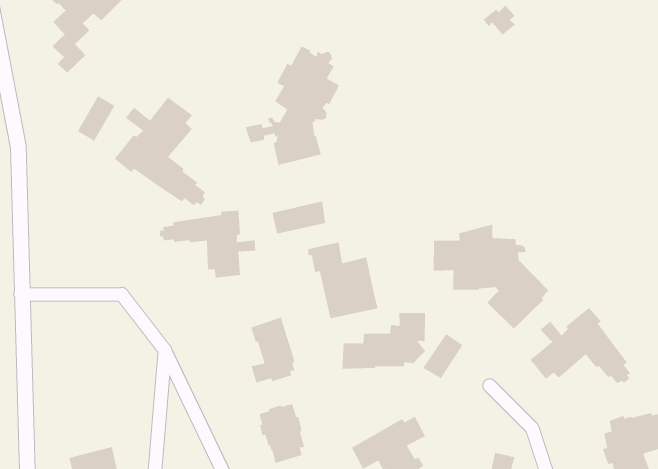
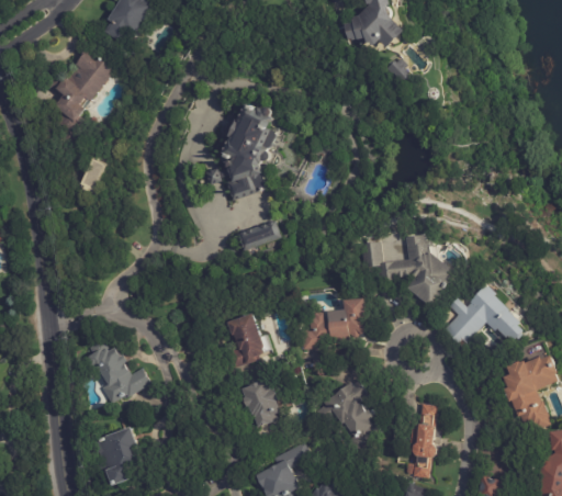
building: [114,97,206,206] -> none
building: [159,210,256,279] -> none
building: [307,241,379,319] -> none
building: [422,333,464,379] -> none
building: none -> [86,346,151,402]

